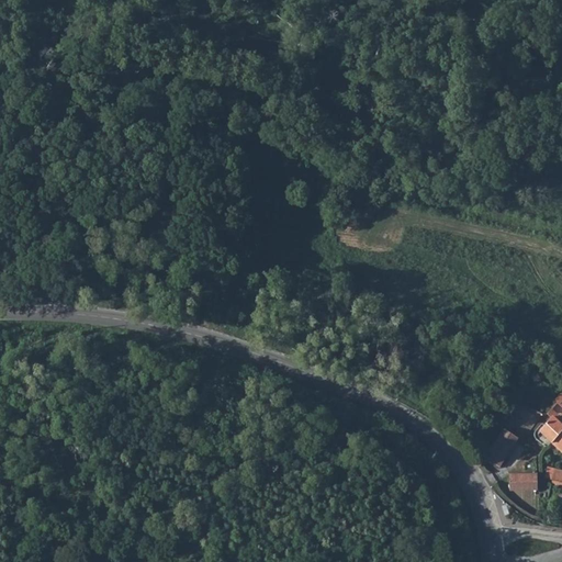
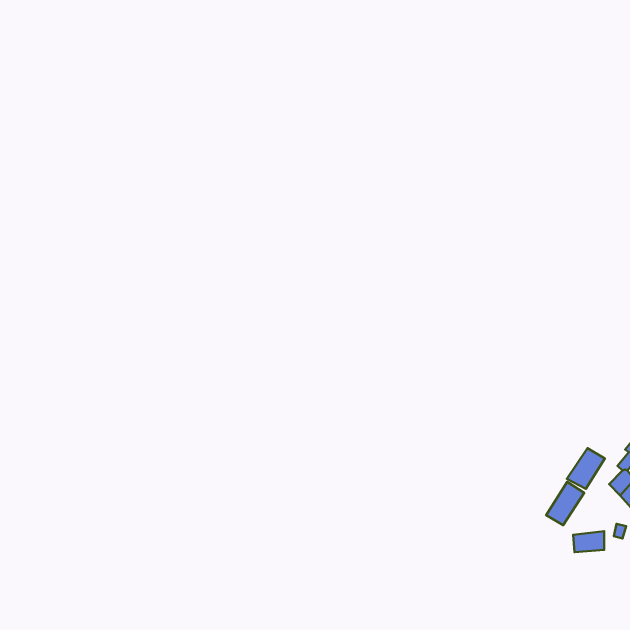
building: none -> [567,448,605,489]

